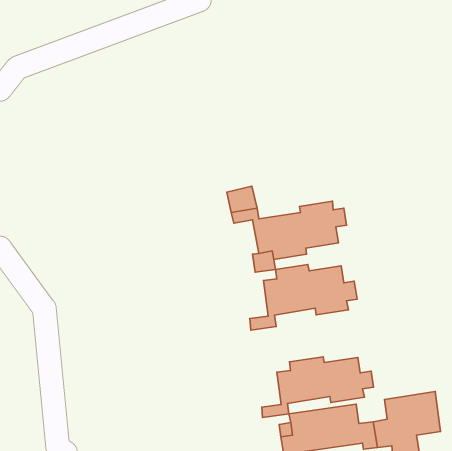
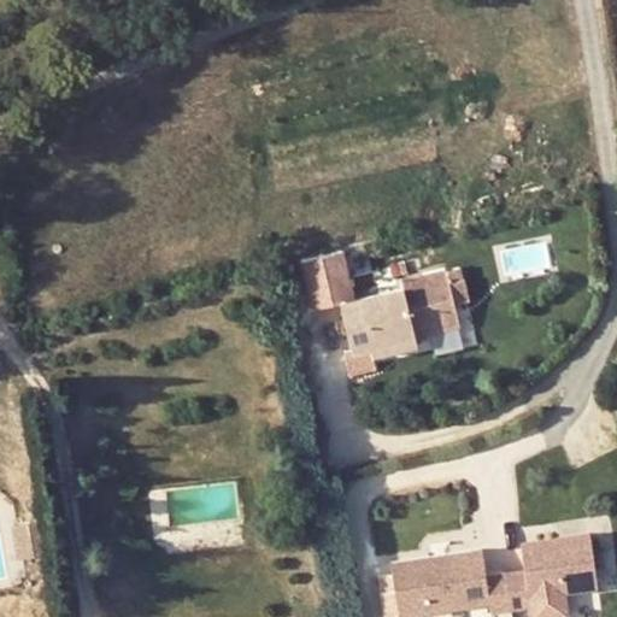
building: [250,264,357,330] -> none
building: [262,357,374,418] -> none

